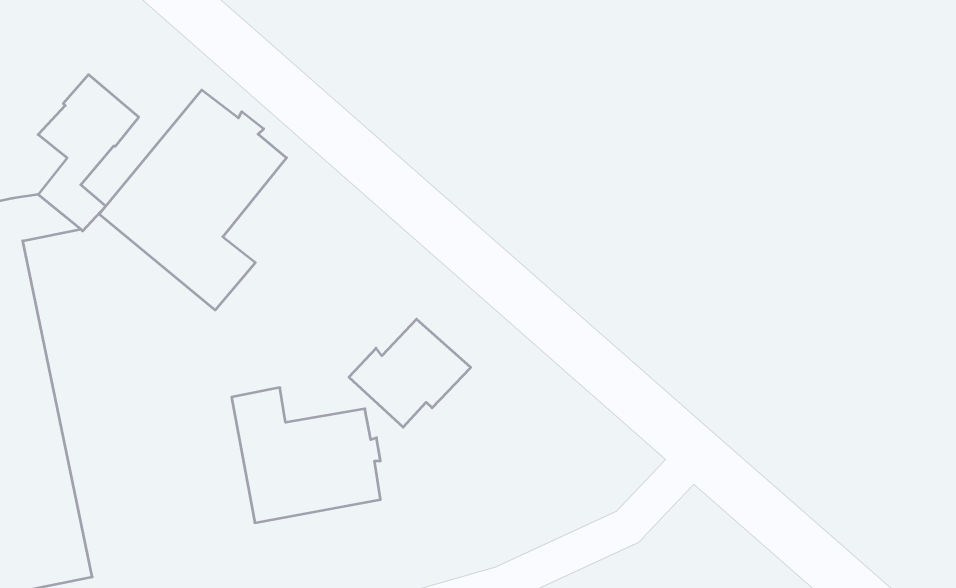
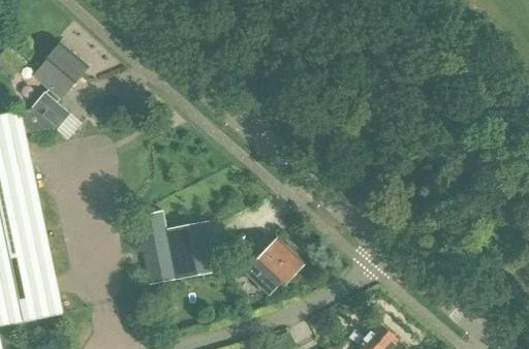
building: [99,90,287,310] -> none
building: [349,319,471,427] -> [240,239,305,296]

